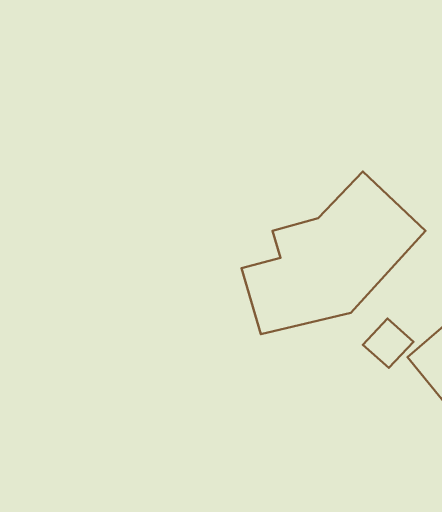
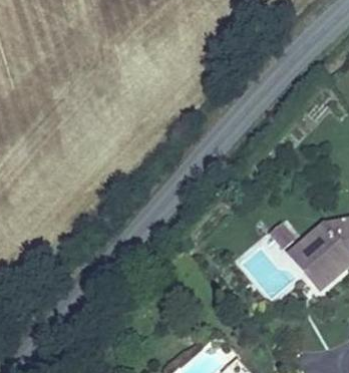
building: [242,172,426,334] -> none

